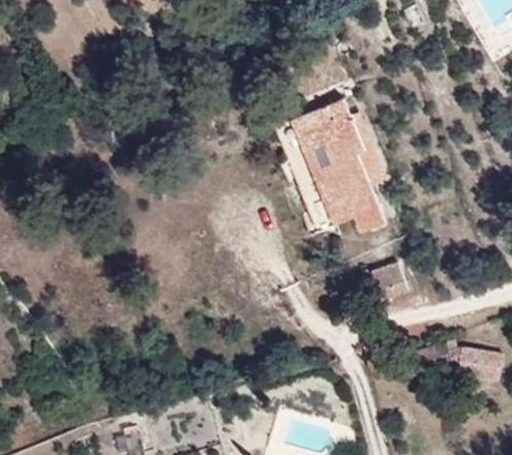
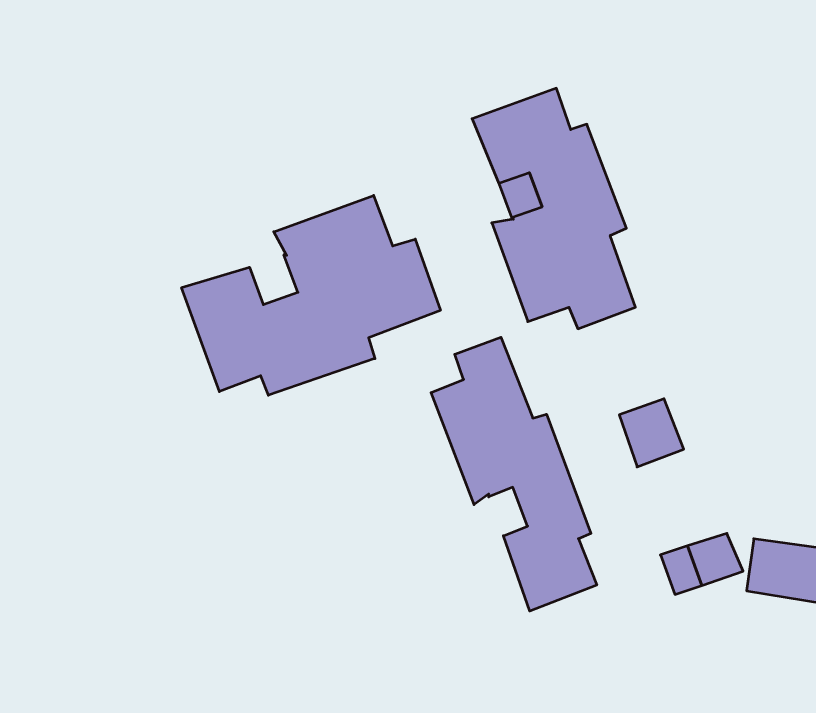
building: none -> [182,195,440,395]
building: none -> [431,337,597,611]

